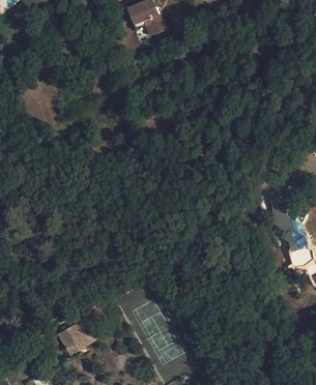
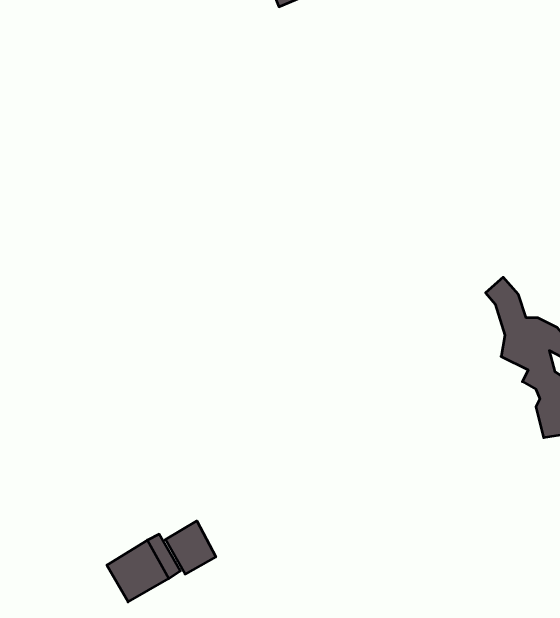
building: none -> [165,521,216,574]

